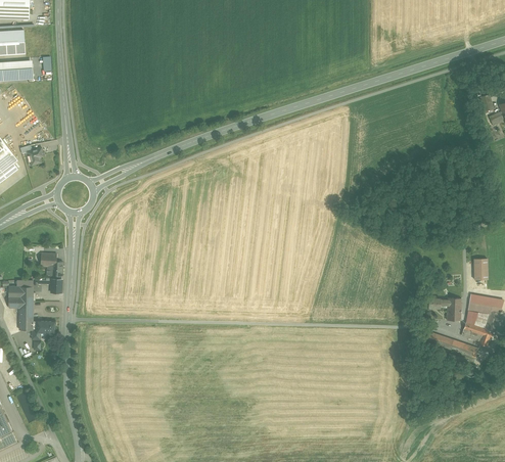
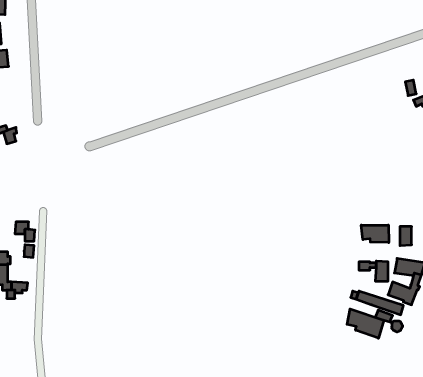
building: none -> [361,225,389,243]
building: none -> [347,309,384,338]

